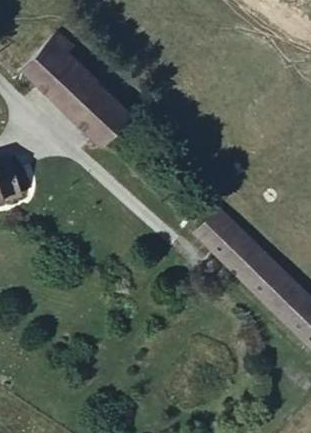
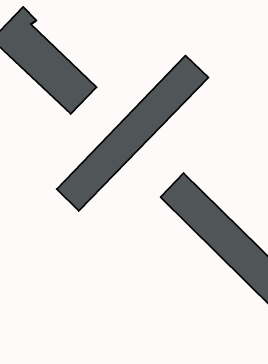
building: none -> [57,56,208,211]

